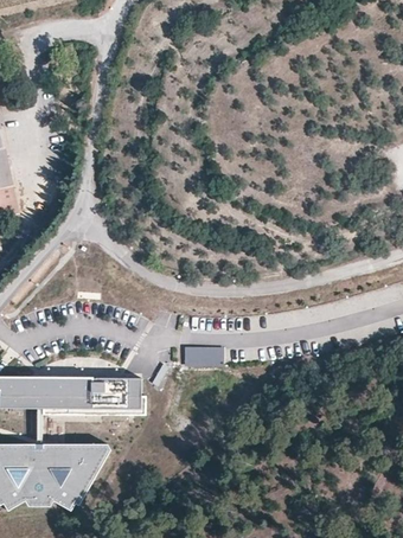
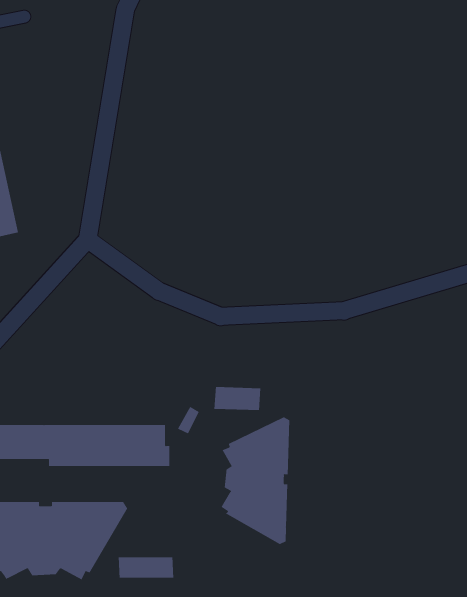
building: none -> [220,417,290,545]
building: none -> [118,556,174,579]

